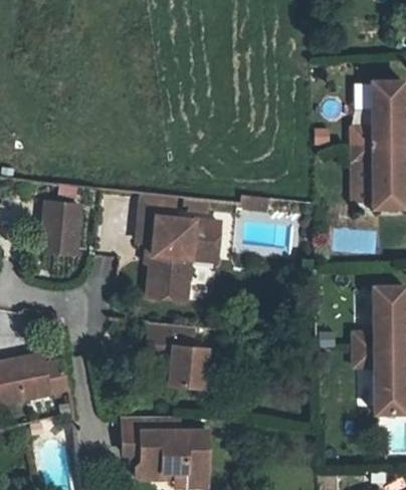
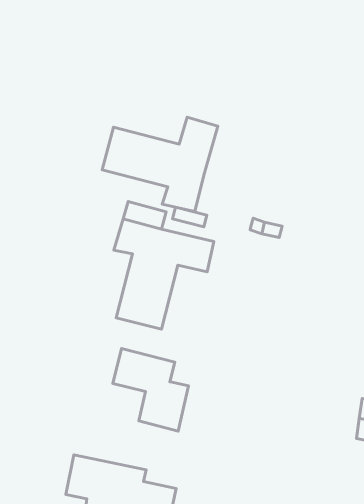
building: none -> [102,117,218,212]
building: [40,205,78,253] -> none

